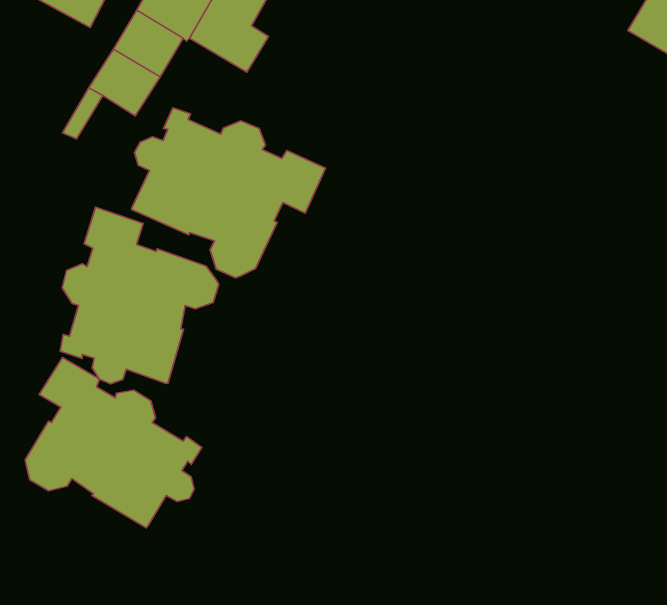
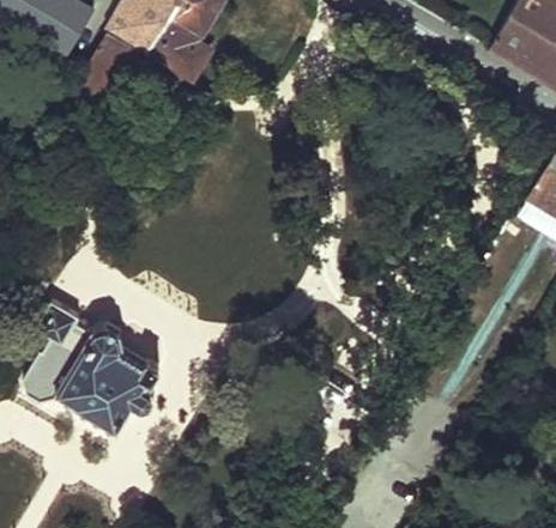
building: [132,108,326,278] -> none
building: [60,207,219,384] -> none

